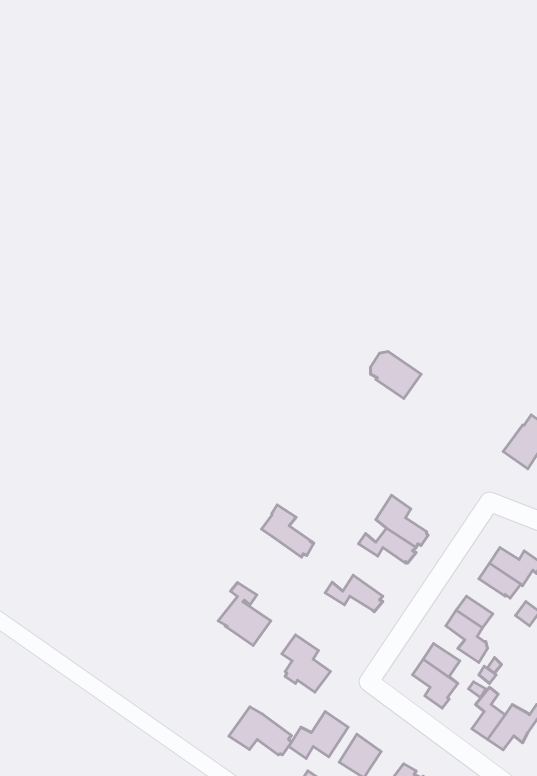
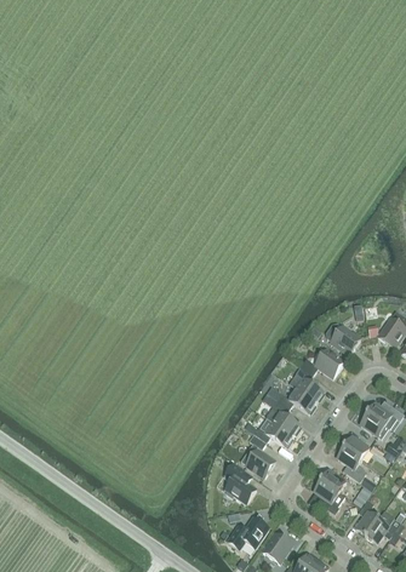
building: [371,352,421,399] -> [326,322,361,355]
building: none -> [299,348,344,377]
building: [261,505,314,557] -> [265,400,302,436]
building: [218,583,271,645] -> [240,434,276,477]
building: [229,707,292,755] -> none

